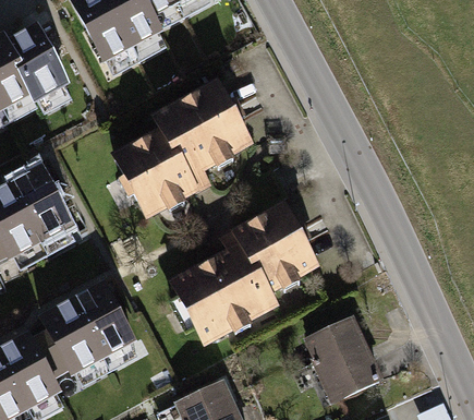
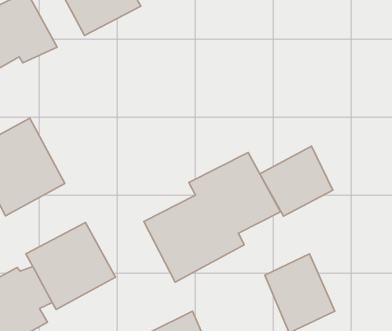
building: [111,79,257,220] -> none
building: none -> [260,146,333,216]

